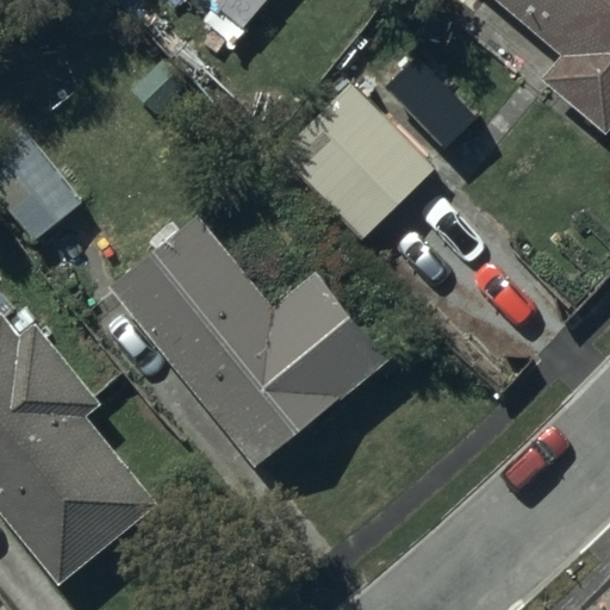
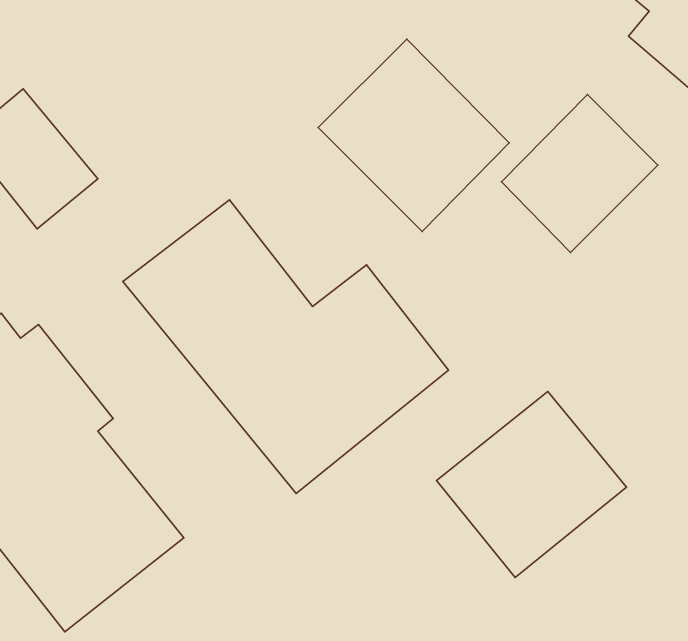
building: none -> [501,95,658,252]
building: none -> [437,391,627,577]

